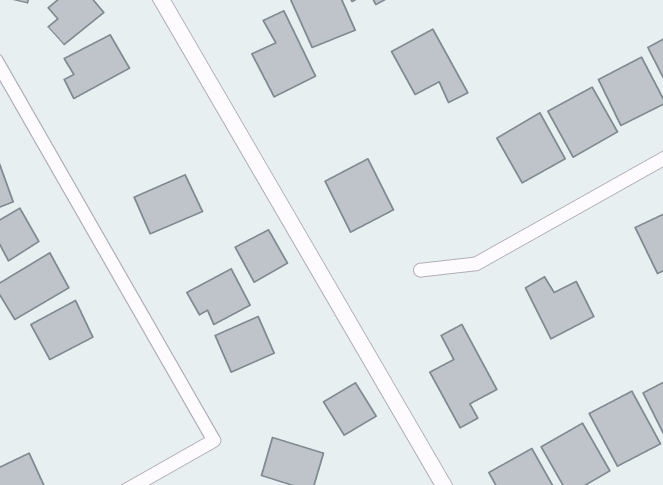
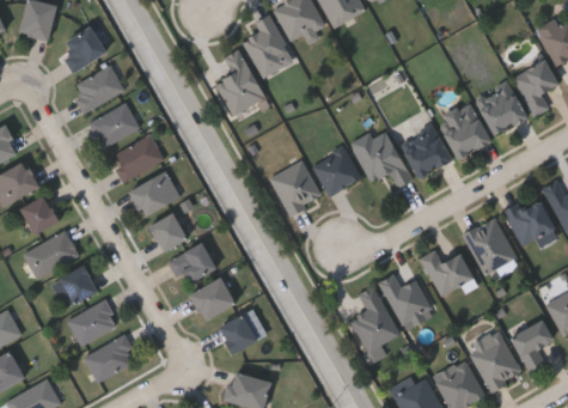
building: [391,29,468,102] -> [355,133,413,188]
building: none -> [90,104,140,150]
building: none -> [109,135,164,183]
building: none -> [313,147,361,195]
building: [235,230,288,282] -> [147,214,187,254]
building: none -> [464,217,518,275]
building: none -> [380,274,434,328]
building: none -> [67,302,120,348]
building: [324,383,376,435] -> [216,316,256,355]
building: none -> [84,337,138,384]

